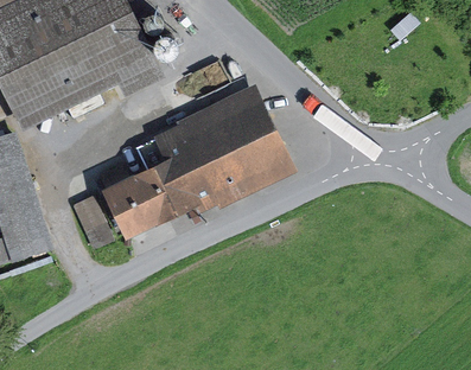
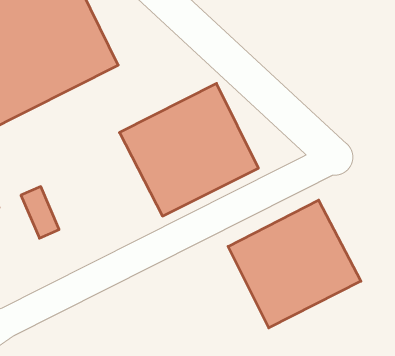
building: [102,167,170,232] -> none
building: none -> [228,200,361,328]

